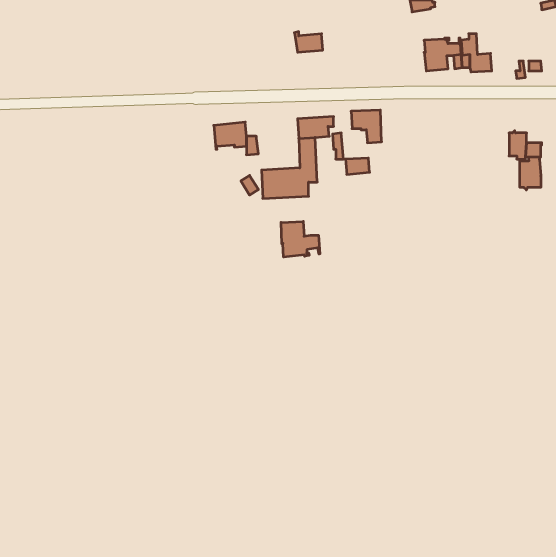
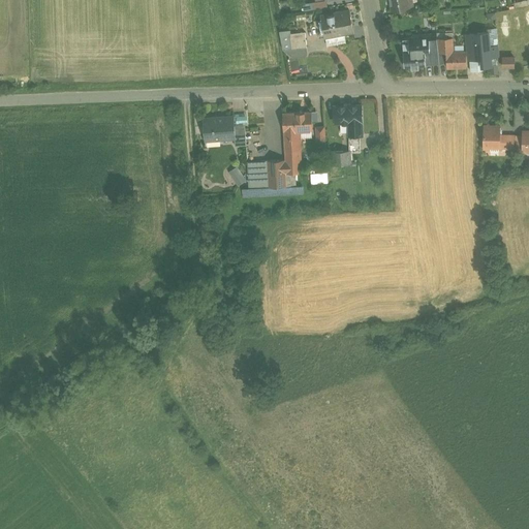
building: none -> [320,10,352,36]
building: none -> [466,33,499,66]
building: [520,157,541,190] -> none
building: [281,221,320,257] -> none

